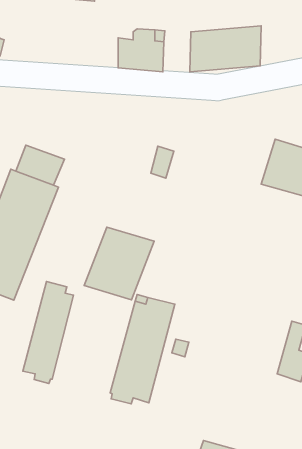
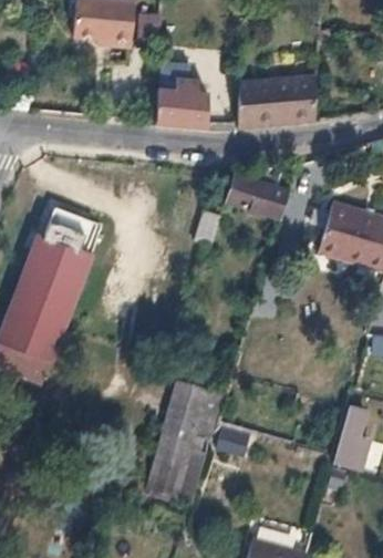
building: none -> [224,166,288,219]
building: [84,227,154,300] -> none
building: [23,281,73,384] -> none

